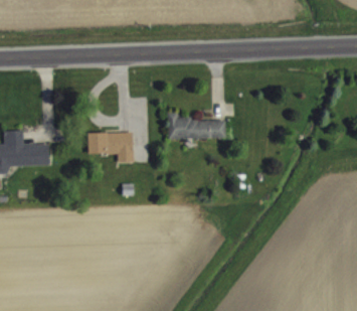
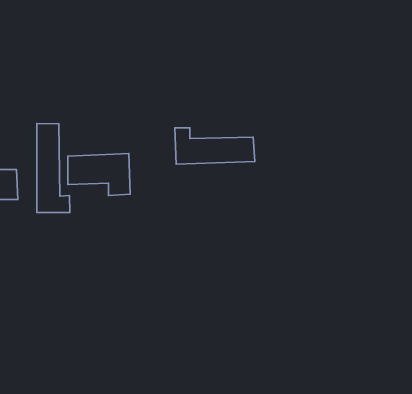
building: none -> [37,123,70,212]

